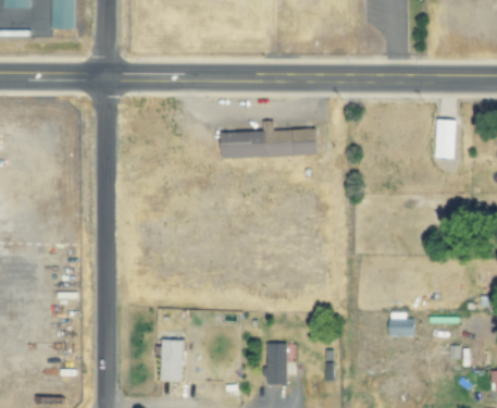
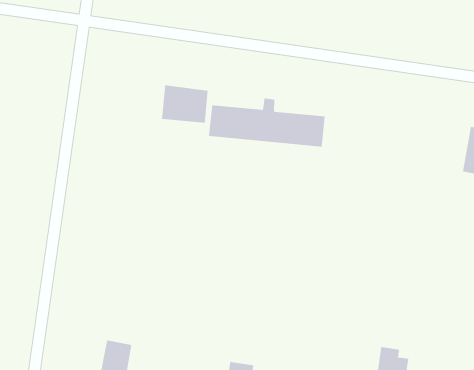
building: none -> [162,84,208,123]

